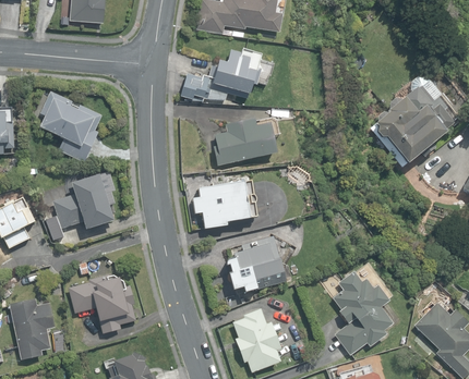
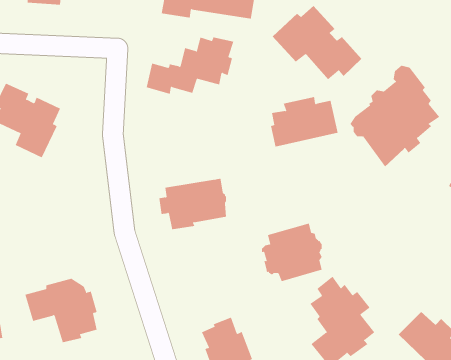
building: none -> [272,5,362,80]
building: [214,119,277,166] -> [270,96,338,147]
building: [53,174,115,229] -> none
building: [227,237,284,292] -> [261,223,322,282]

